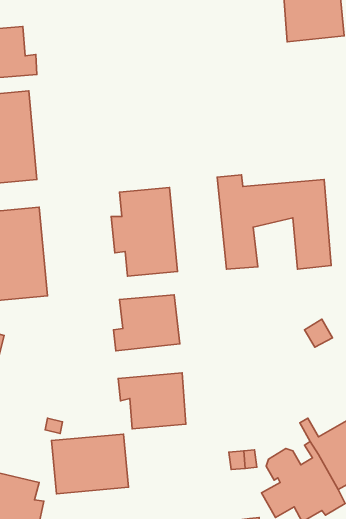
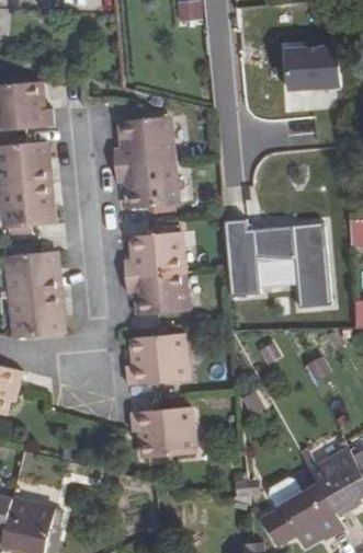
building: none -> [113,115,177,207]
building: [52,434,128,494] -> none

